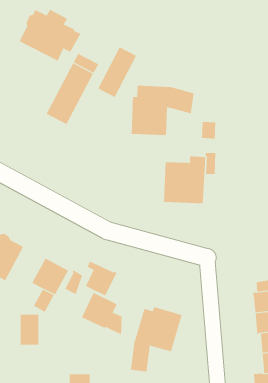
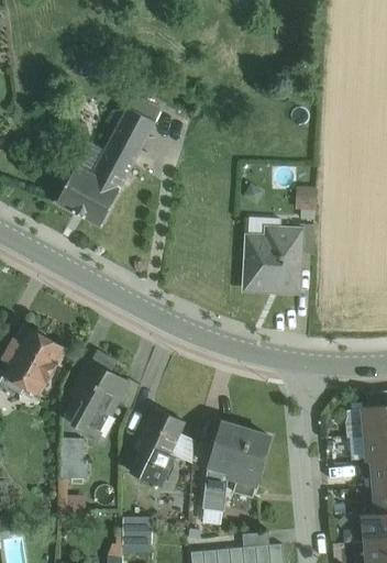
building: [19,9,81,62] -> none
building: [97,46,137,98] -> none
building: [131,85,194,136] -> none
building: none -> [55,166,120,228]
building: [85,261,117,296] -> [132,441,174,487]

